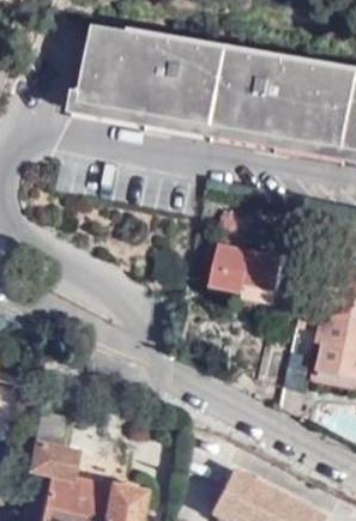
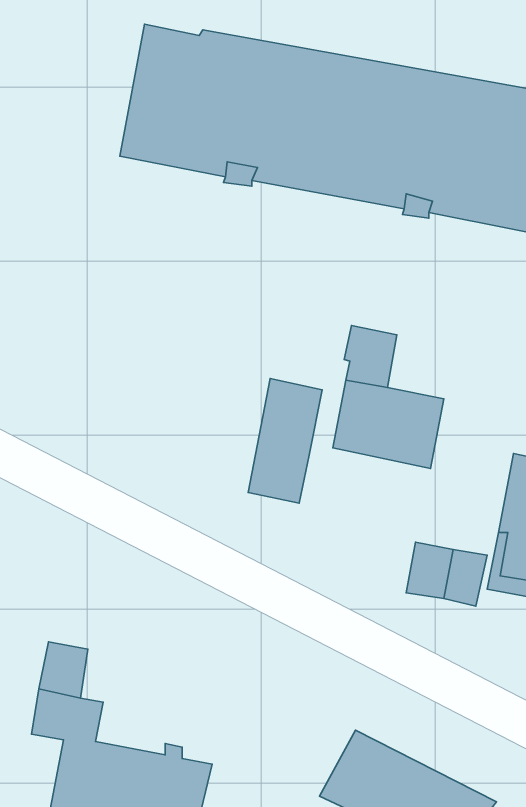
building: none -> [248,378,322,503]

